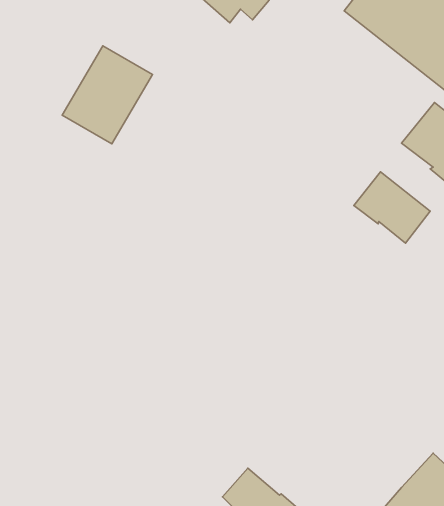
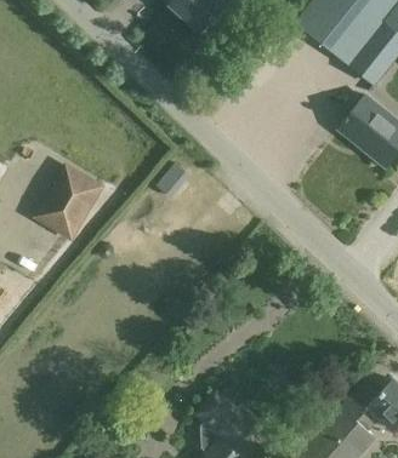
building: [62,46,152,144] -> [32,162,104,241]
building: [354,172,430,243] -> none

